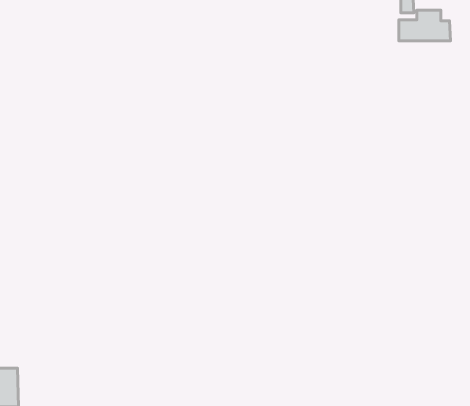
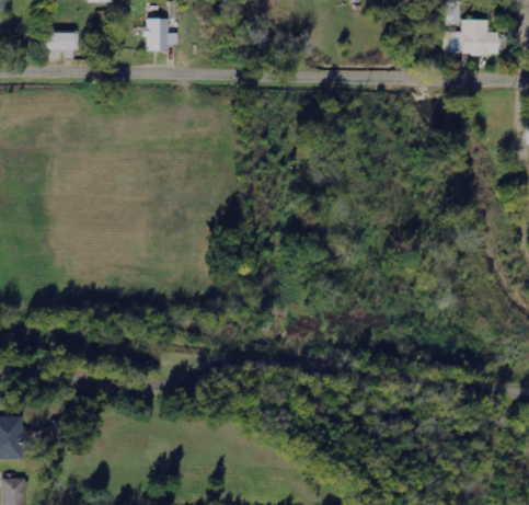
building: none -> [145,18,179,50]
building: none -> [45,31,78,50]

